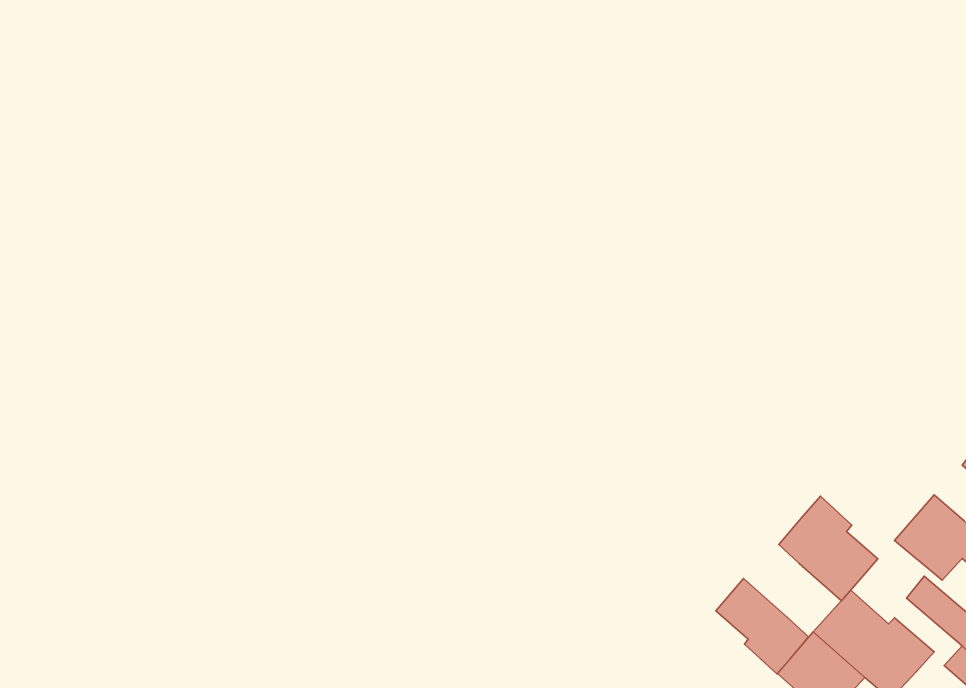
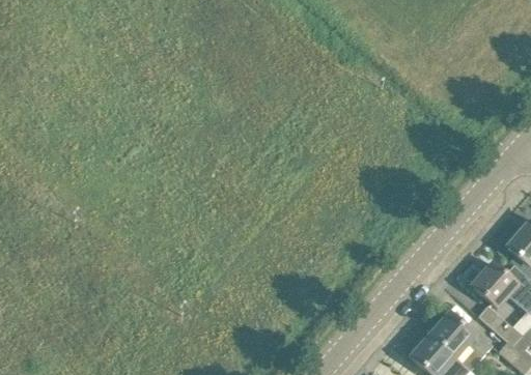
building: [779,496,878,601] -> none
building: [716,579,808,674] -> none

